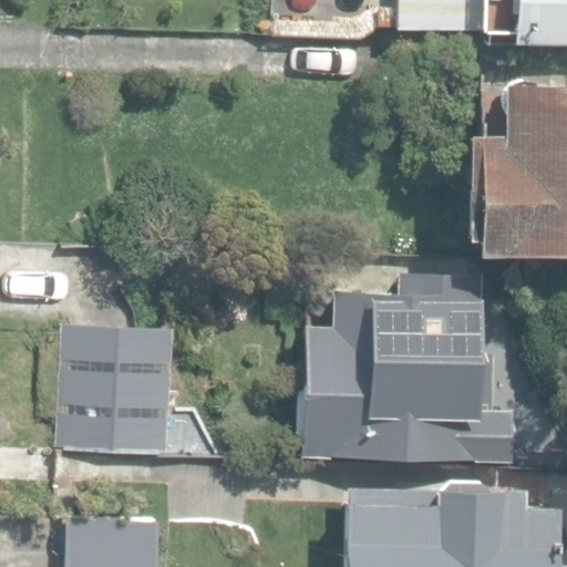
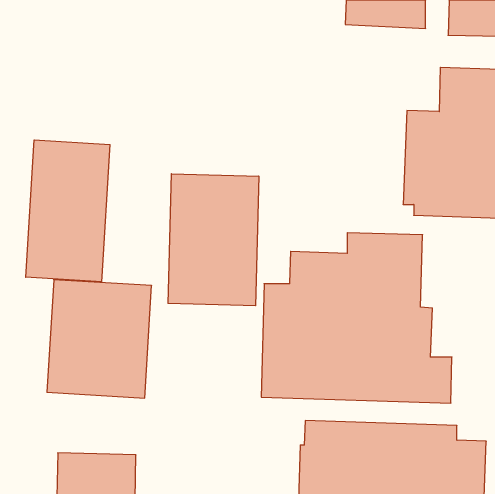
building: none -> [26,140,110,282]
building: none -> [168,174,259,306]

